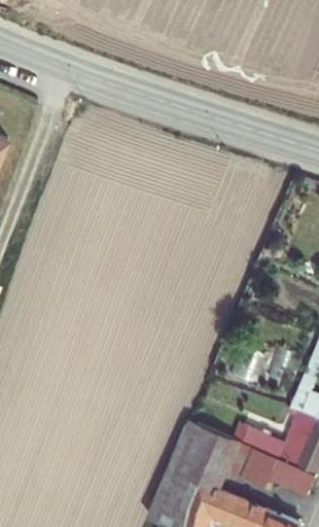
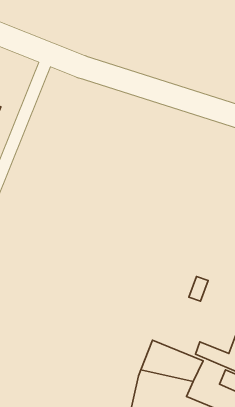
building: [243,454,283,492] -> none

